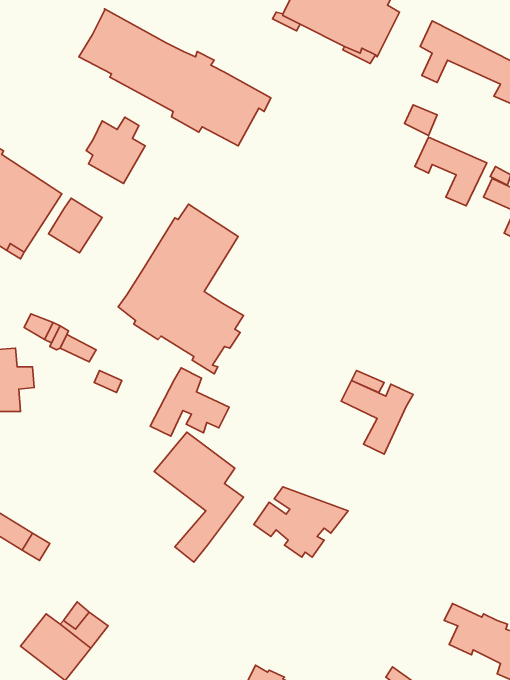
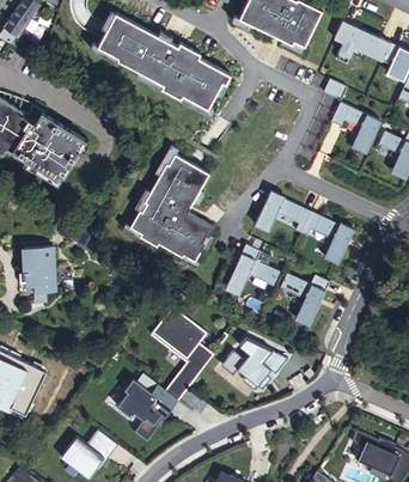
building: [86,117,145,184] -> none
building: [48,198,102,253] -> none
building: none -> [254,191,352,263]
building: [150,368,229,436] -> [226,245,281,293]
building: none -> [117,378,178,440]

